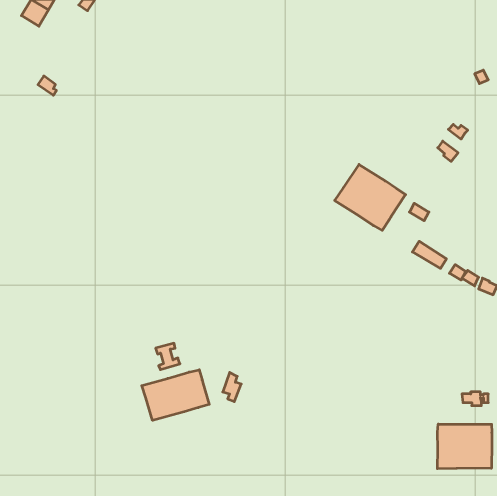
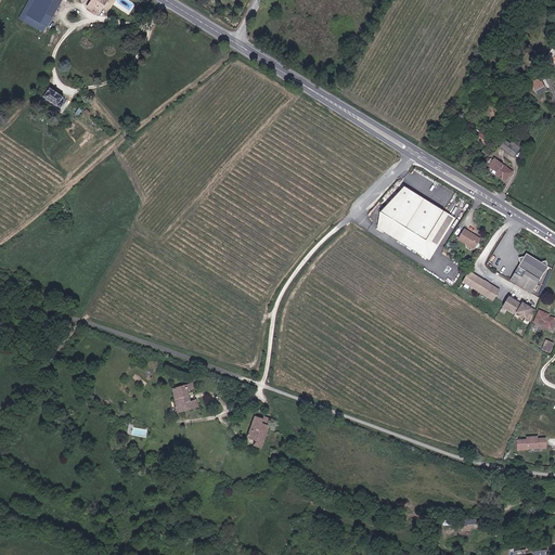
building: none -> [511,256,548,293]
building: [142,370,209,420] -> none
building: [437,424,492,469] -> none

